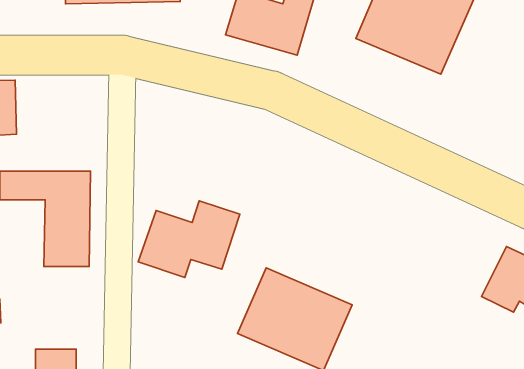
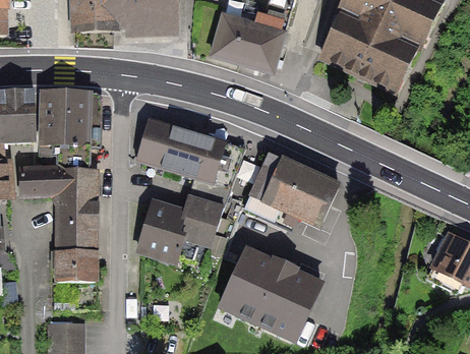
building: none -> [42,91,100,169]
building: none -> [135,117,242,205]
building: none -> [244,153,338,228]
building: none -> [51,250,95,281]

